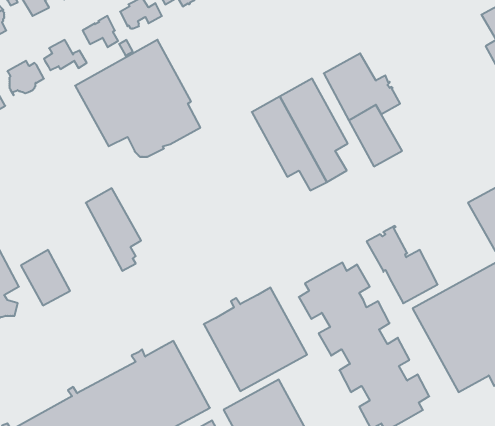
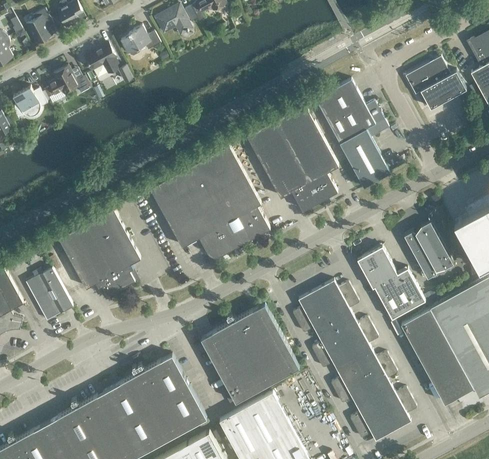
building: none -> [406,58,466,110]
building: [75,40,200,157] -> [150,146,270,258]
building: none -> [404,223,454,280]
building: none -> [59,224,123,297]

